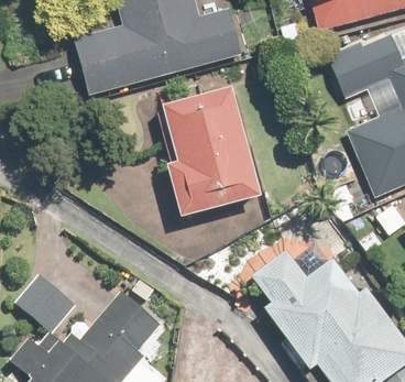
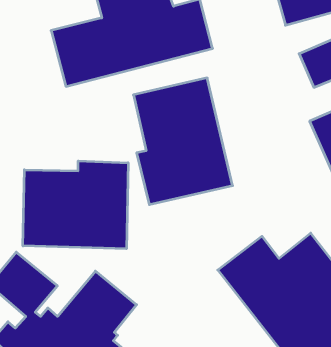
building: none -> [23,161,128,249]

